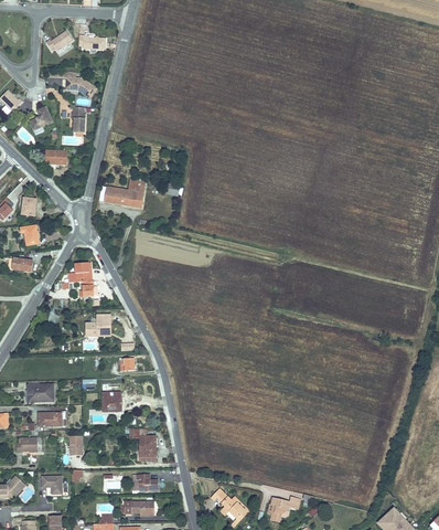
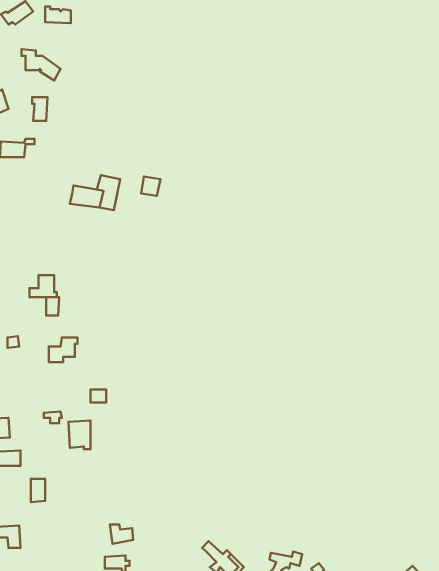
building: [127,427,153,455] -> none

